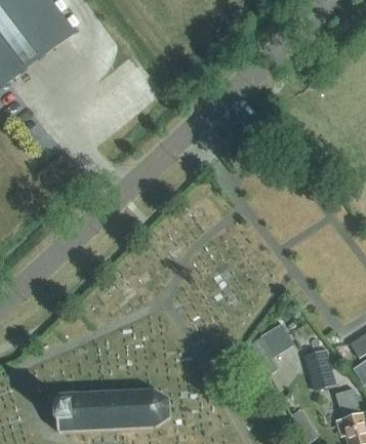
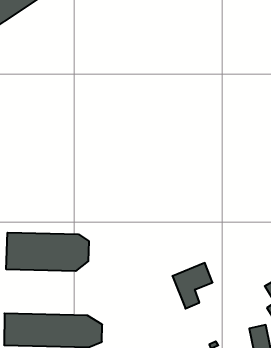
building: none -> [6,233,89,271]
building: [307,349,336,391] -> none

